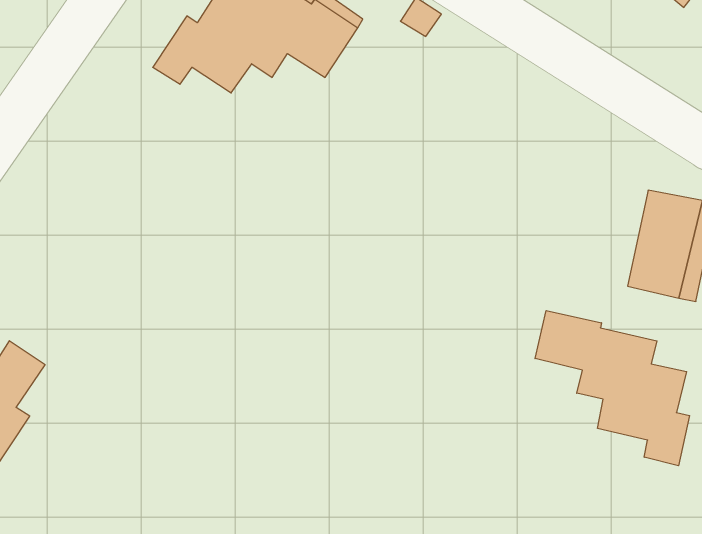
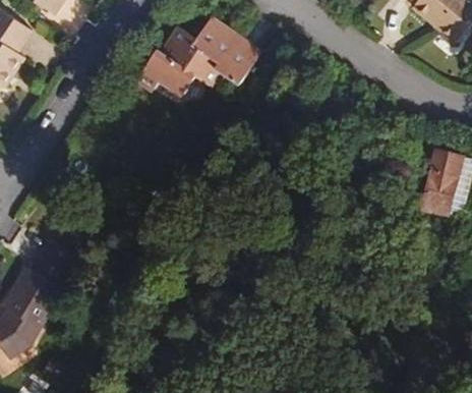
building: [535,311,690,466] -> none

